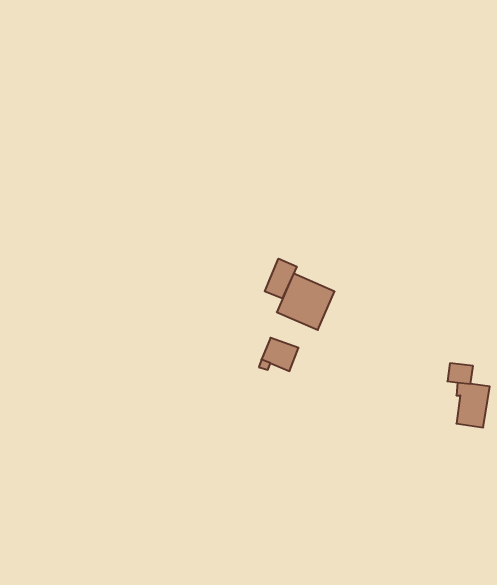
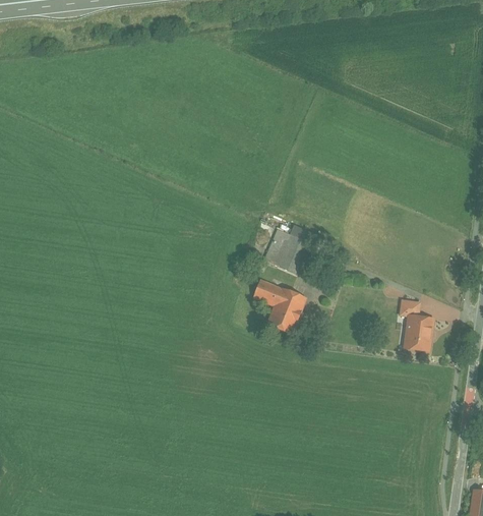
building: [265,259,297,299] -> none
building: none -> [267,287,305,334]

